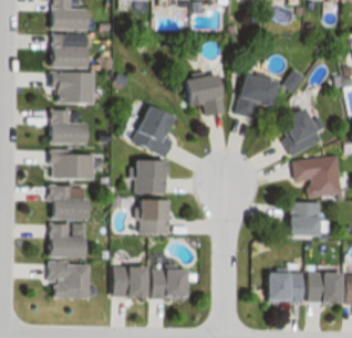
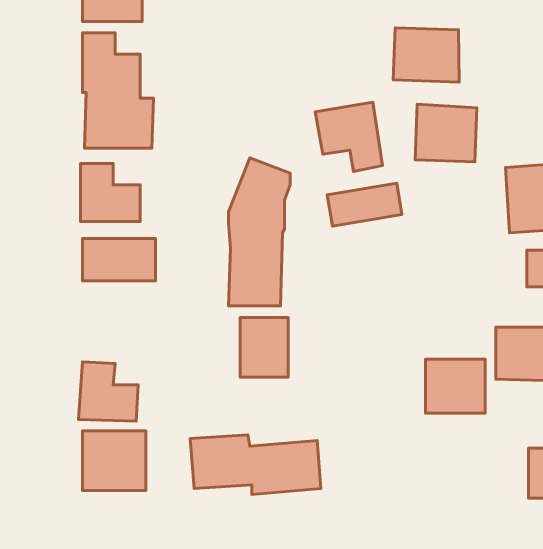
building: none -> [393,28,459,82]
building: none -> [327,183,402,226]
building: [49,186,85,220] -> none
building: [267,272,301,303] -> [426,359,485,413]

